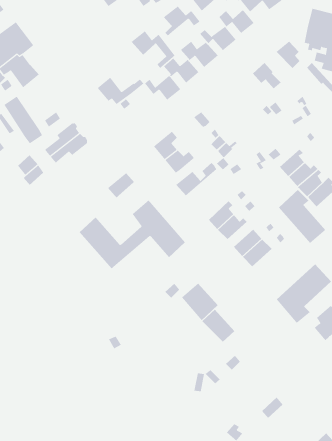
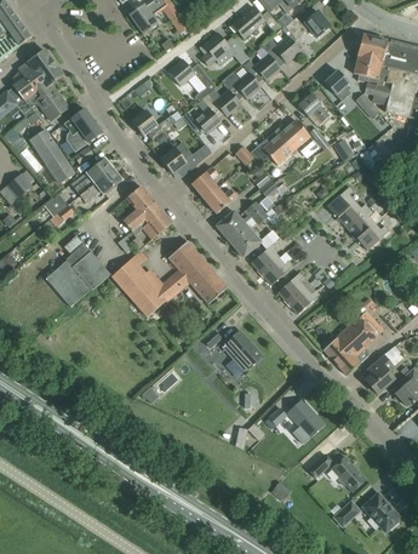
building: none -> [63,108,102,152]
building: none -> [263,120,310,165]
building: none -> [160,145,211,177]
building: none -> [124,185,162,232]
building: none -> [227,209,270,257]
building: [278,188,326,244] -> none
building: none -> [46,235,110,304]
building: [201,309,235,343] -> [287,400,323,436]
building: none -> [331,456,366,491]

